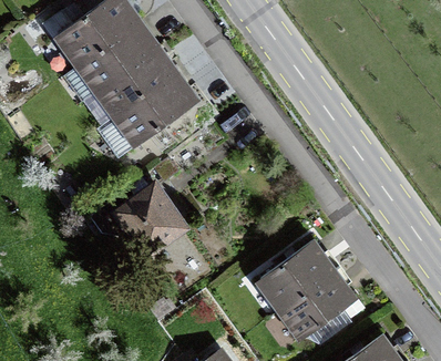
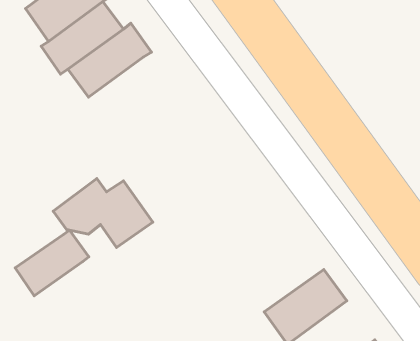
building: [114,75,193,146] -> none
building: none -> [15,230,89,296]
building: [260,239,336,308] -> none

